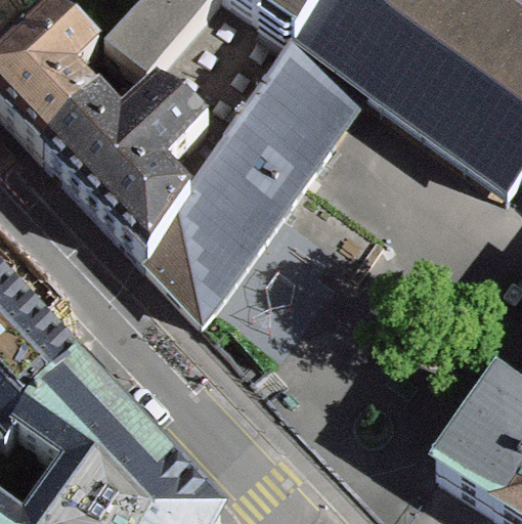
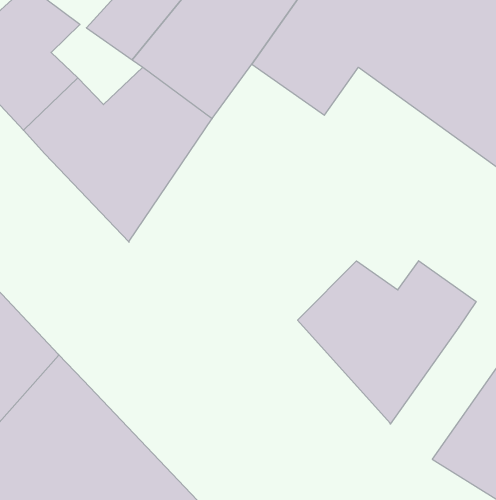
building: [145,88,333,319] -> none
building: none -> [298,261,476,424]

